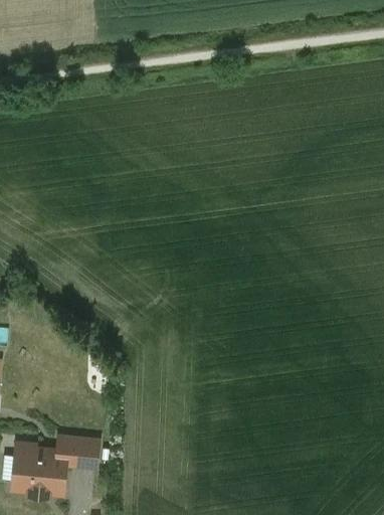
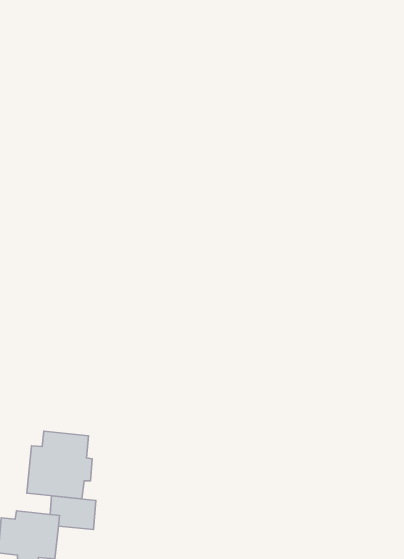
building: none -> [27,431,92,499]

